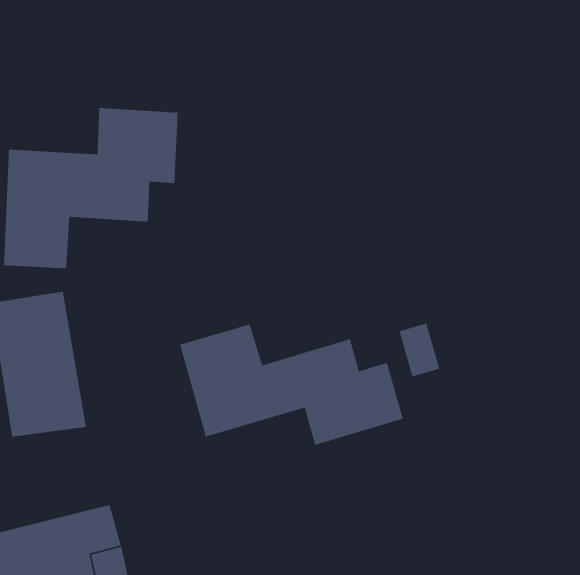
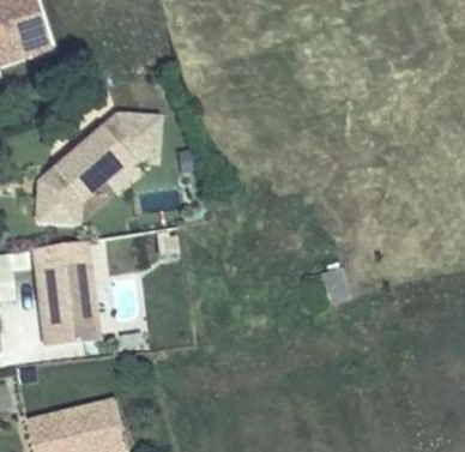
building: [179,323,404,446] -> none

